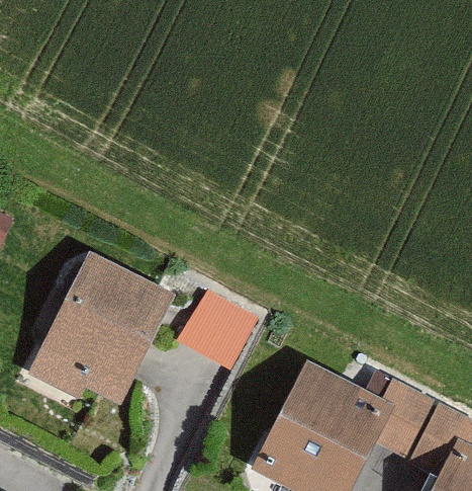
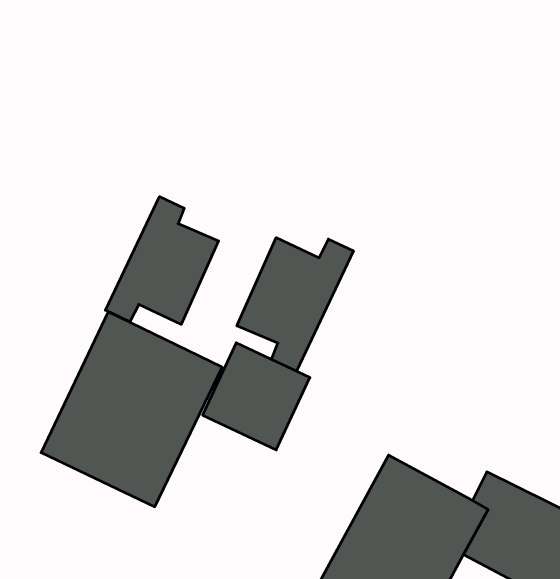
building: none -> [105,197,219,324]
building: none -> [237,238,353,371]

